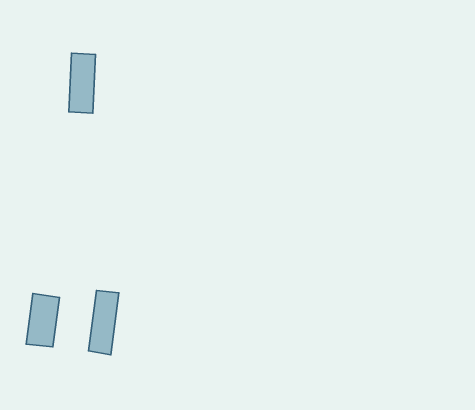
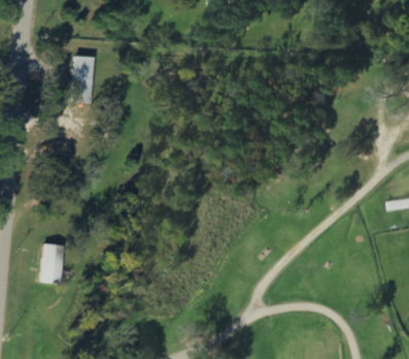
building: [89,291,119,355] -> none

